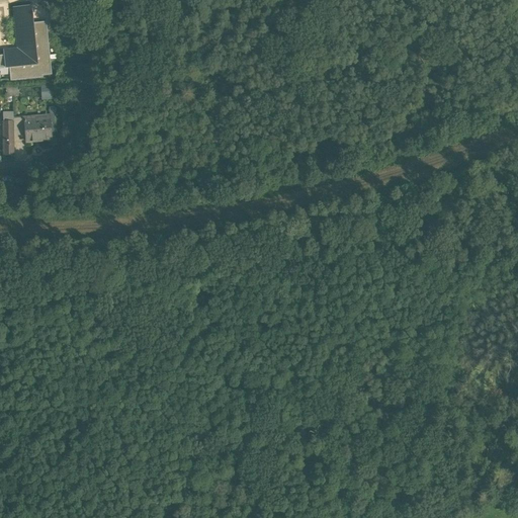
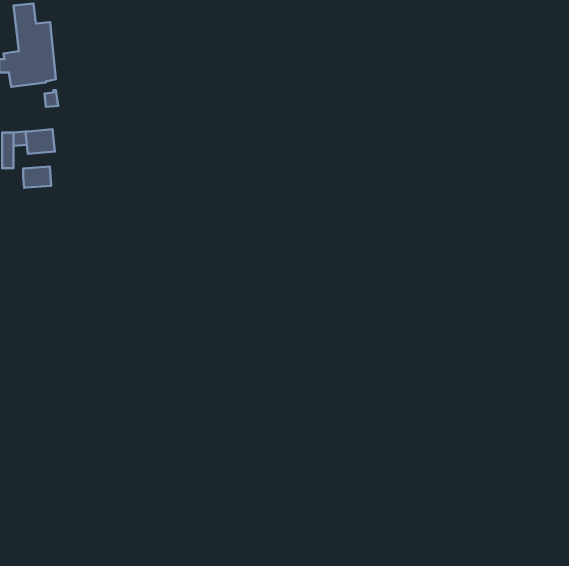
building: none -> [23,166,51,188]

